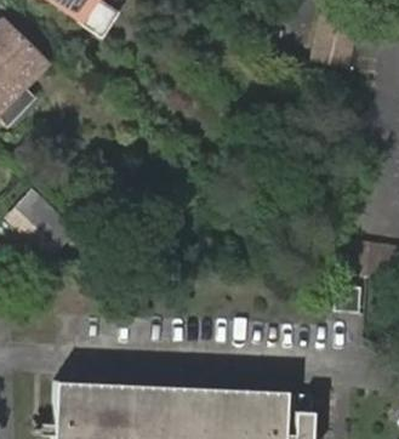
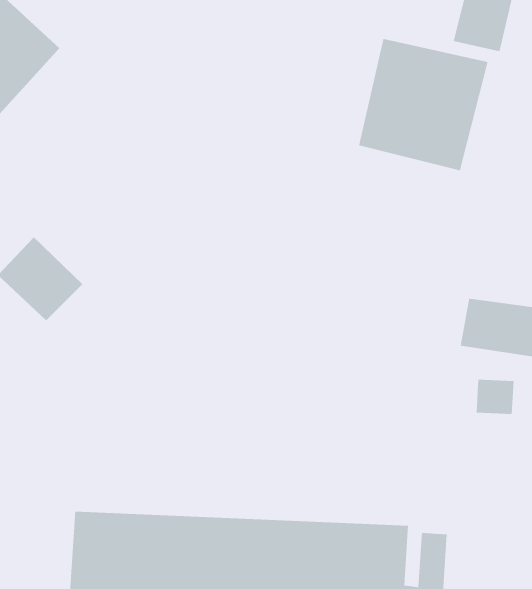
building: none -> [359,38,488,171]

